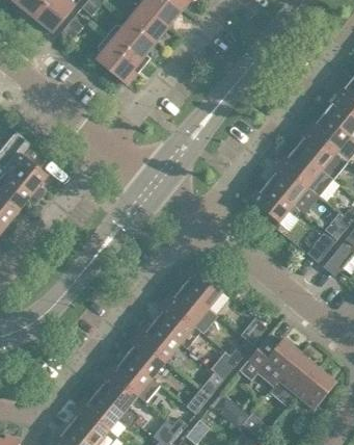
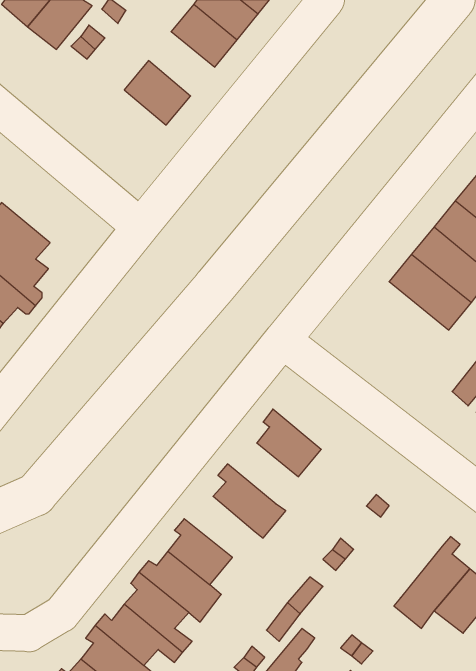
building: [111,22,154,63] -> none
building: [251,183,304,222] -> none
building: [162,287,208,326] -> none
building: [134,321,180,361] -> none
building: [239,338,300,387] -> none

